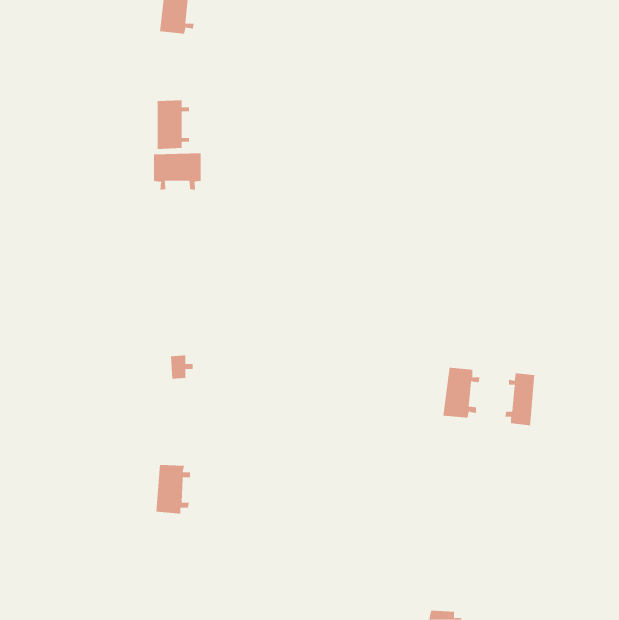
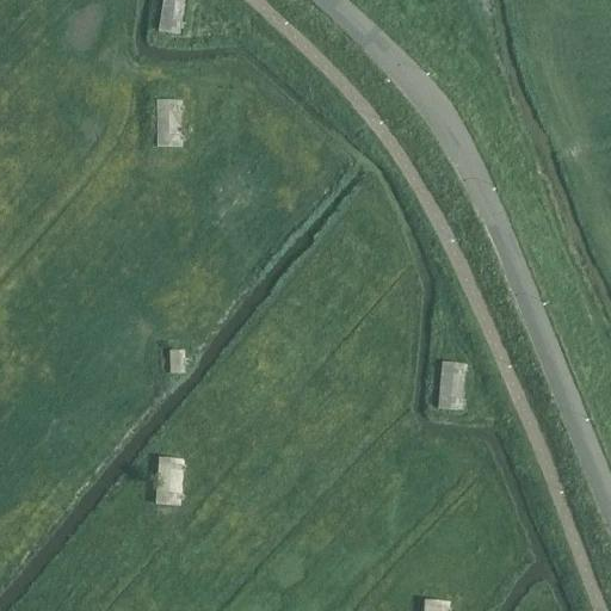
building: [154,152,201,191] -> none
building: [505,373,535,426] -> none

